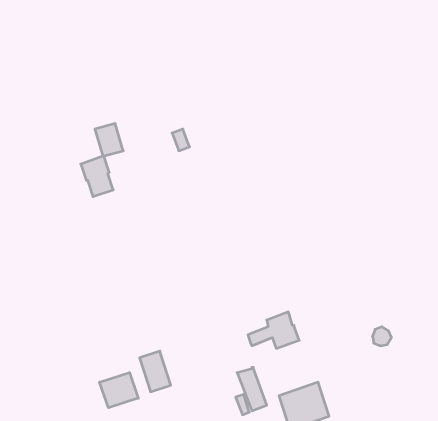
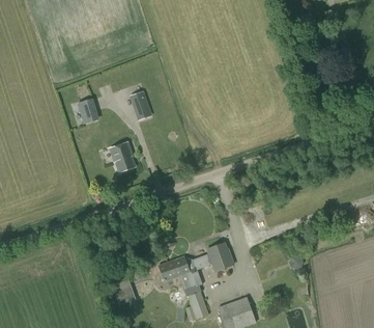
building: [81,156,113,197] -> [110,141,135,172]
building: none -> [159,255,197,289]
building: [100,373,138,408] -> none

